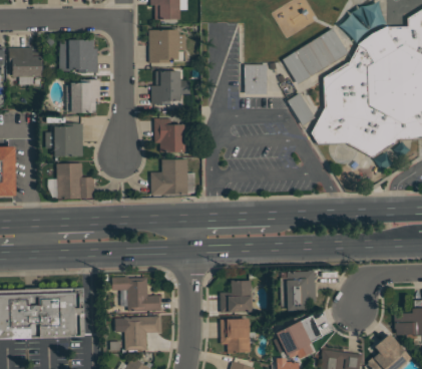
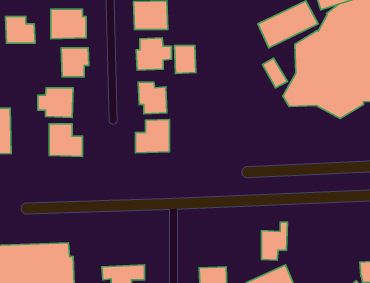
building: [244,64,267,94] -> [174,46,196,73]
building: [111,277,160,310] -> none
building: [220,280,253,312] -> none

